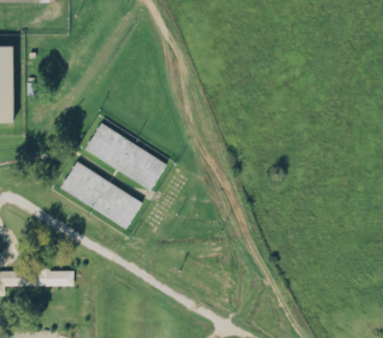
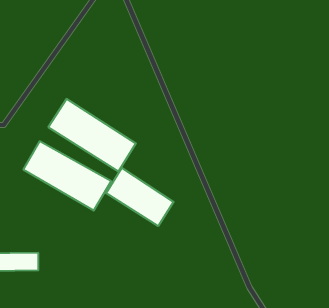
building: none -> [106,168,174,226]

